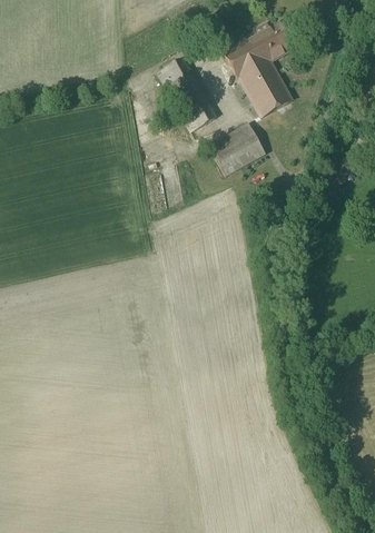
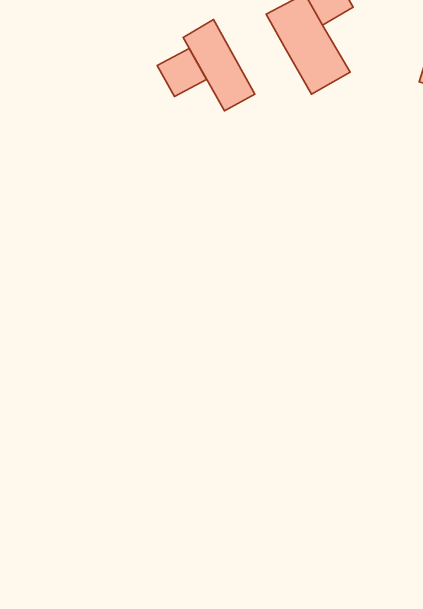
building: none -> [157,48,207,97]
building: [209,124,266,175] -> none

